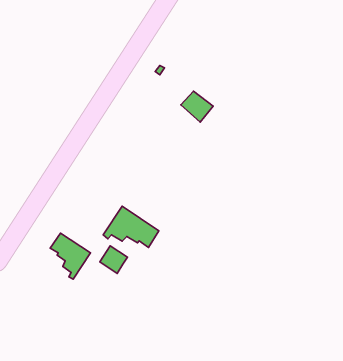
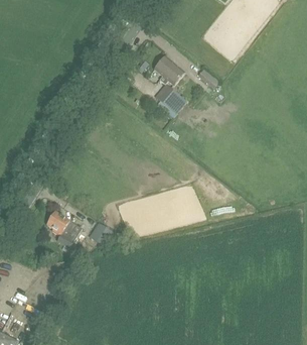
building: none -> [154,54,184,85]
building: [103,206,159,248] -> none

